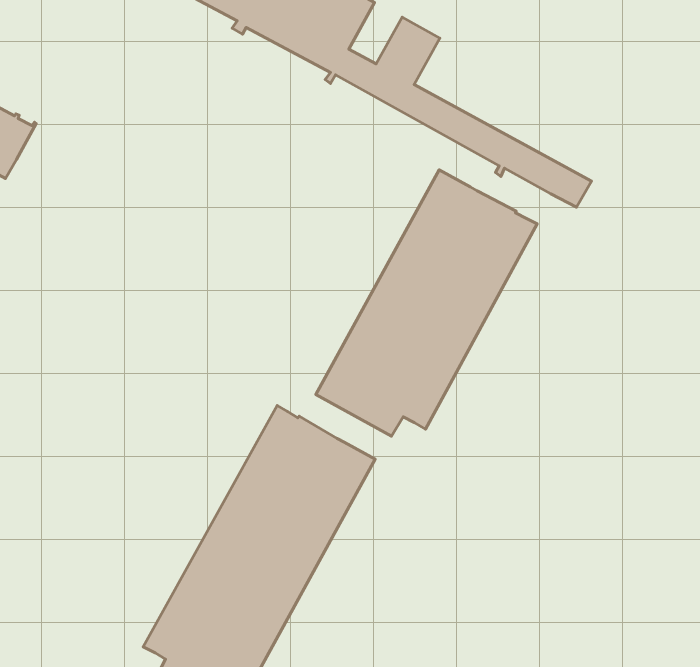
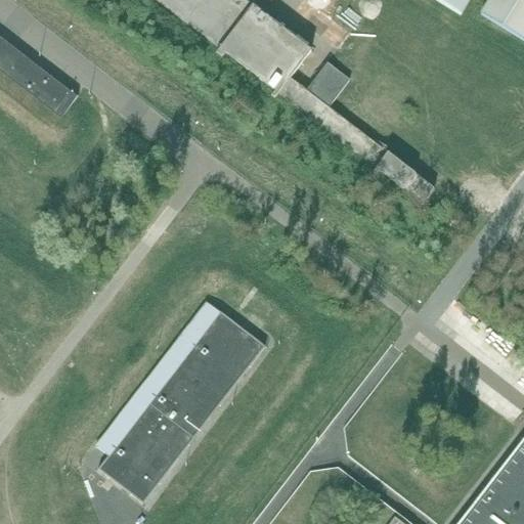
building: [316,170,537,436] -> none

